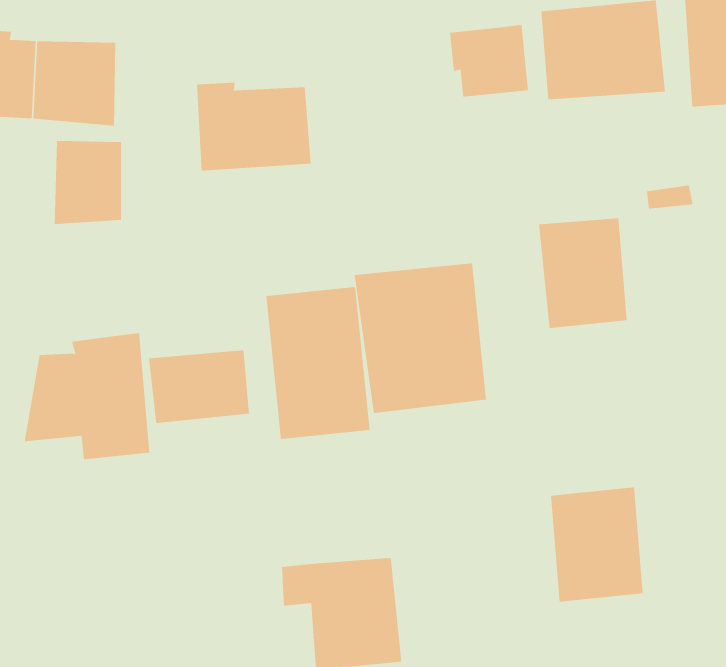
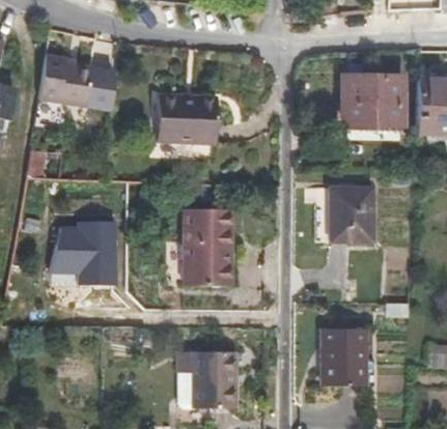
building: [449,24,529,97] -> none
building: [54,140,121,225] -> none
building: [354,262,487,414] -> none
building: [148,350,249,424] -> none

